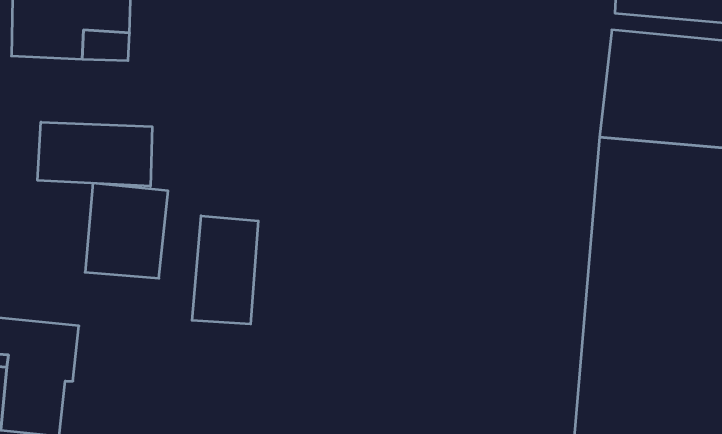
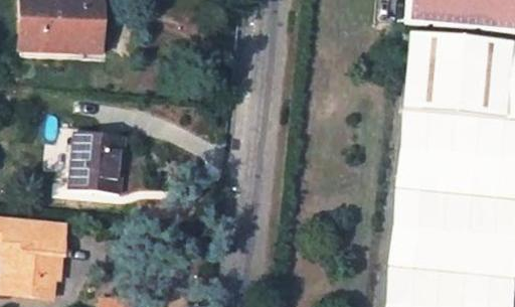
building: [38,122,152,186] -> none
building: [192,216,258,324] -> none

